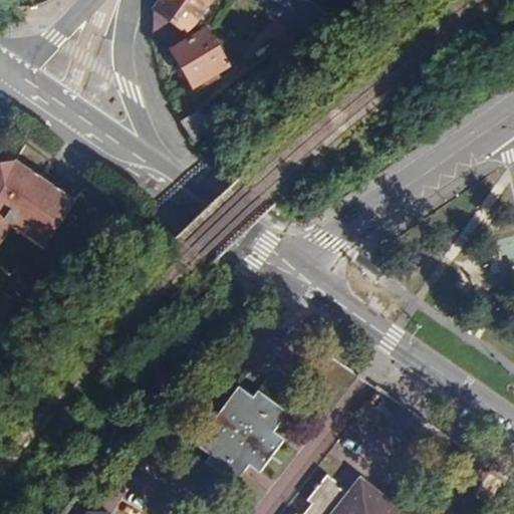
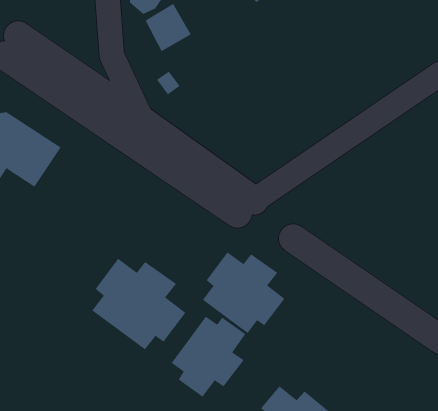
building: none -> [202,251,285,334]
building: none -> [92,258,186,350]

